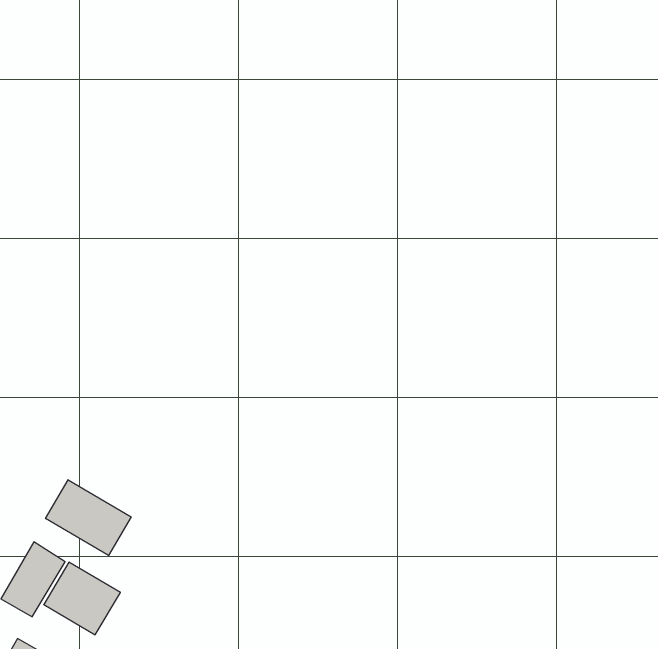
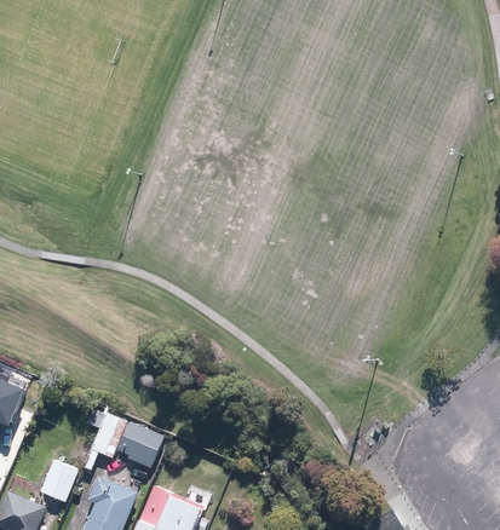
building: [46,480,131,556] -> none

